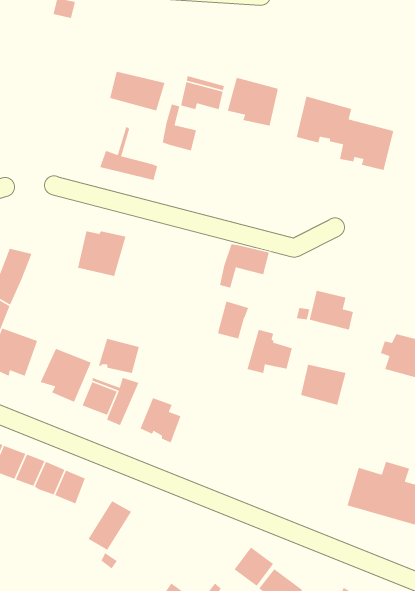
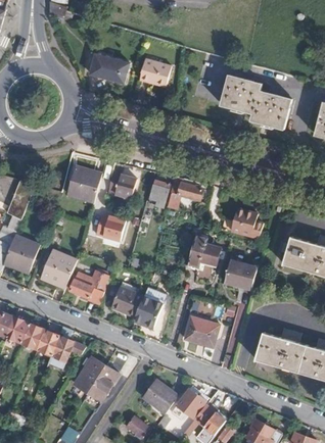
building: [227,77,278,126] -> none
building: [162,103,197,151] -> none
building: [99,126,158,181] -> none
building: none -> [106,171,135,197]
building: [217,300,249,340] -> [147,179,170,206]
building: [98,338,140,374] -> [94,213,124,239]
building: none -> [134,286,165,326]
building: none -> [184,318,219,349]
building: none -> [88,364,118,400]
building: none -> [144,380,177,412]

